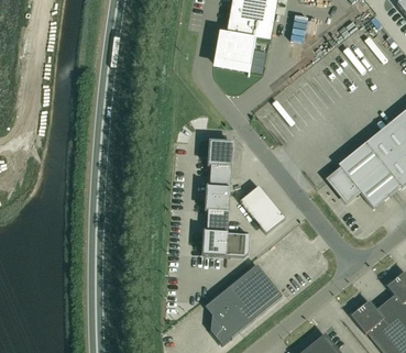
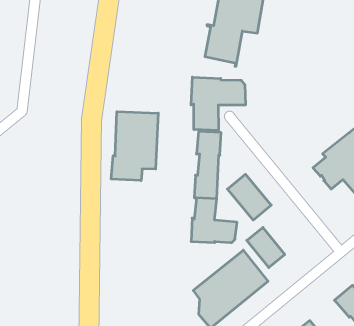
building: none -> [191,77,245,131]
building: none -> [111,112,158,181]
building: none -> [247,227,285,268]

